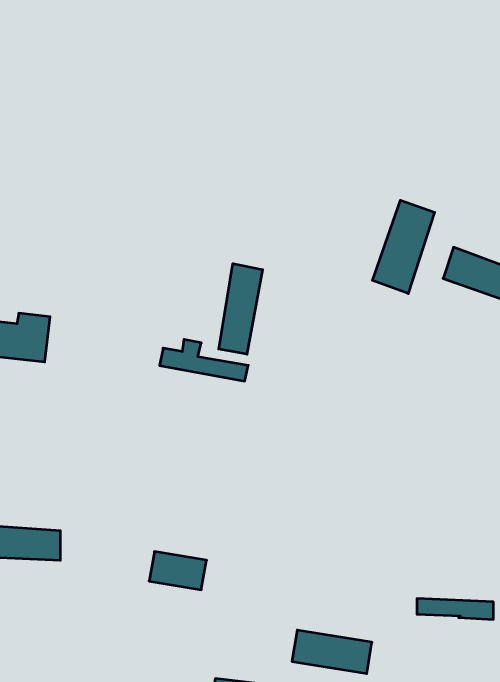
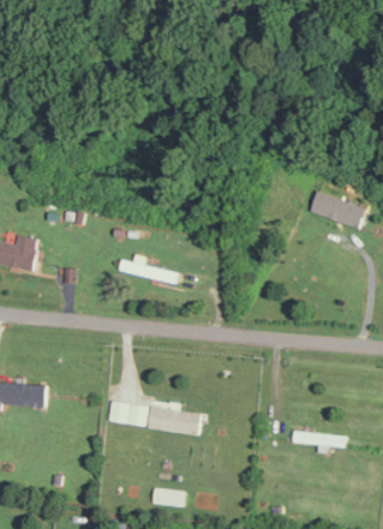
building: [372,200,435,294] -> none
building: [219,264,263,354] -> none
building: [292,630,372,674] -> [148,405,203,435]

